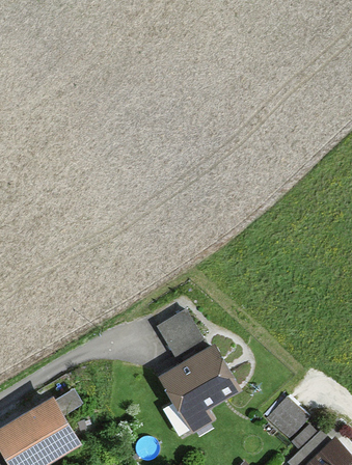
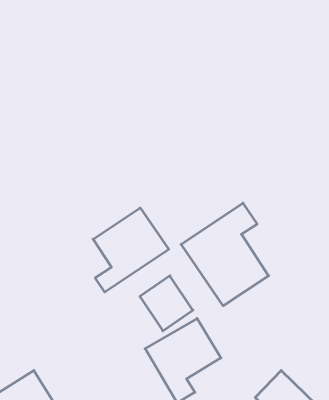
building: none -> [181,203,269,306]
building: none -> [93,208,169,292]

